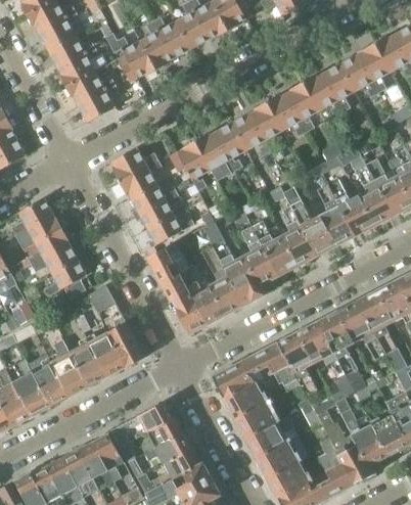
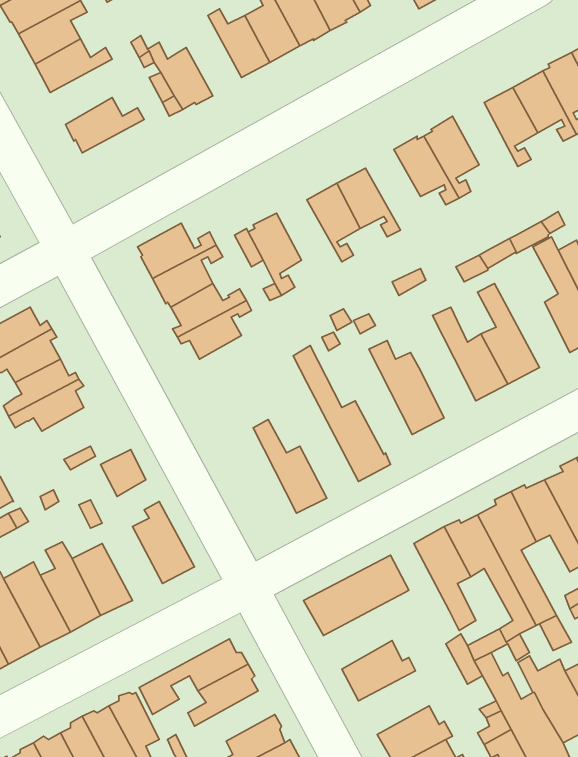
building: [140,19,174,68] -> none
building: [57,46,99,86] -> none
building: [303,73,342,116] -> none
building: [77,83,119,122] -> none
building: [249,101,283,150] -> none
building: [195,132,235,180] -> none
building: [328,178,374,234] -> none
building: [279,202,317,265] -> none
building: [148,215,193,246] -> none
building: [241,223,278,287] -> none
building: [147,238,208,333] -> none
building: [203,243,245,314] -> none
building: [45,259,92,295] -> none
building: [89,331,126,376] -> none
building: [265,341,301,389] -> none
building: [224,381,269,418] -> none
building: [245,415,299,458] -> none
building: [145,431,194,462] -> none

